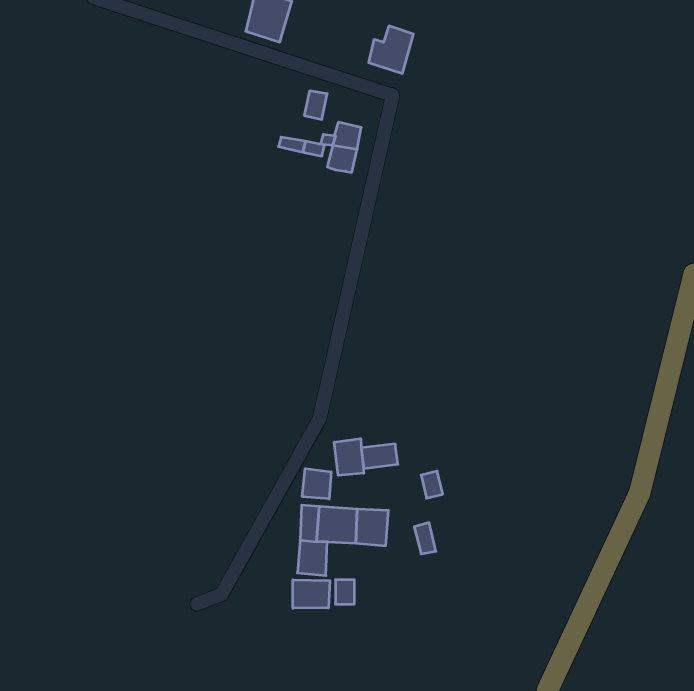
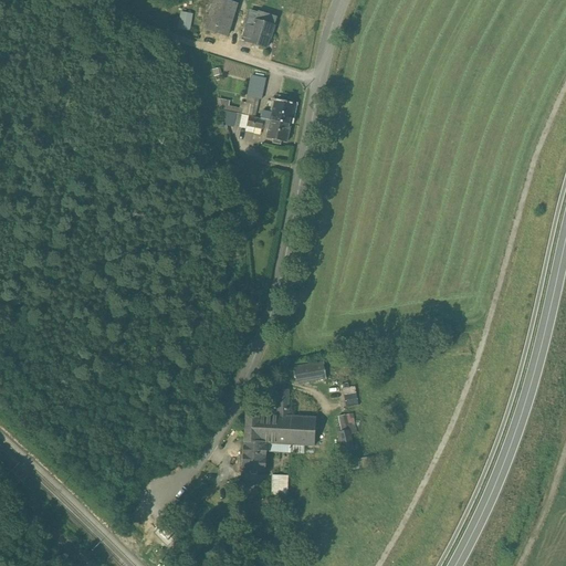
building: [369,26,413,73] -> [243,8,280,46]
building: [334,439,364,475] -> none
building: [302,469,331,499] -> none
building: [293,580,330,608] -> none

